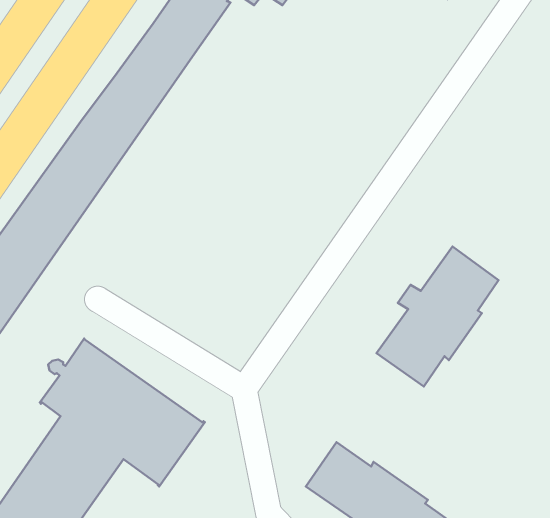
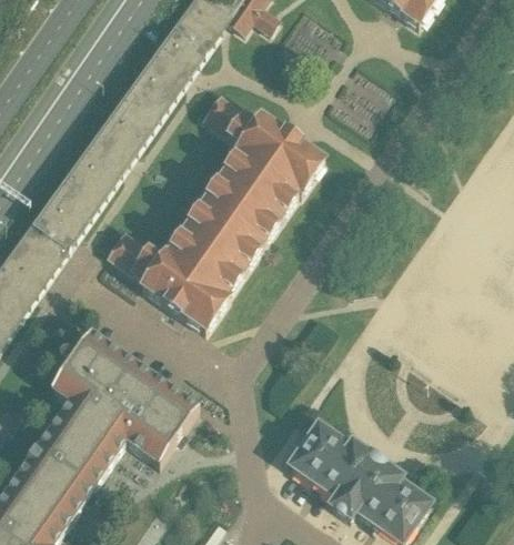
building: none -> [110,94,325,330]
building: [377,247,499,387] -> none

